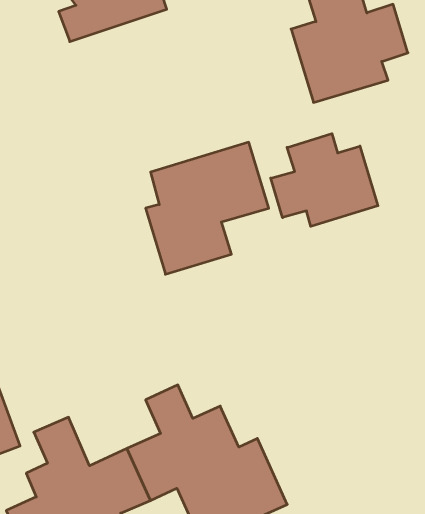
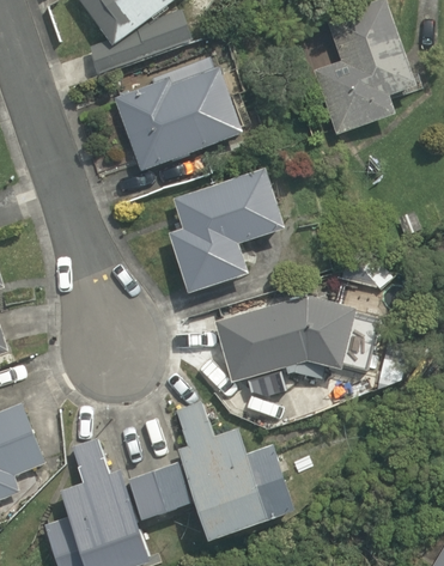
building: none -> [116,51,251,170]
building: [271,134,378,226] -> none
building: none -> [212,300,371,384]

